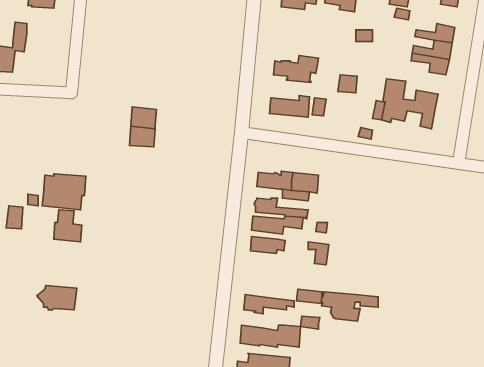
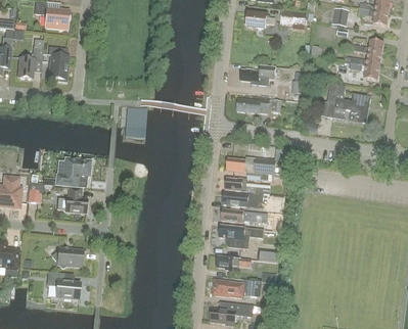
building: none -> [47,46,69,82]
building: [322,292,378,321] -> [218,225,263,248]
building: none -> [46,272,80,298]

